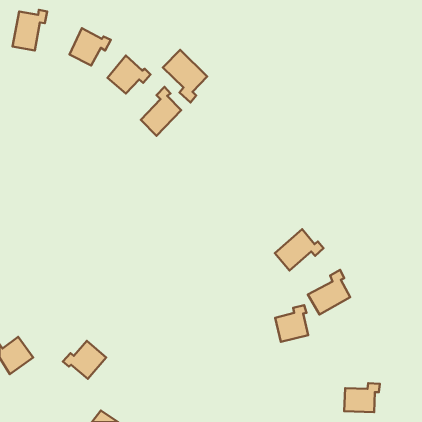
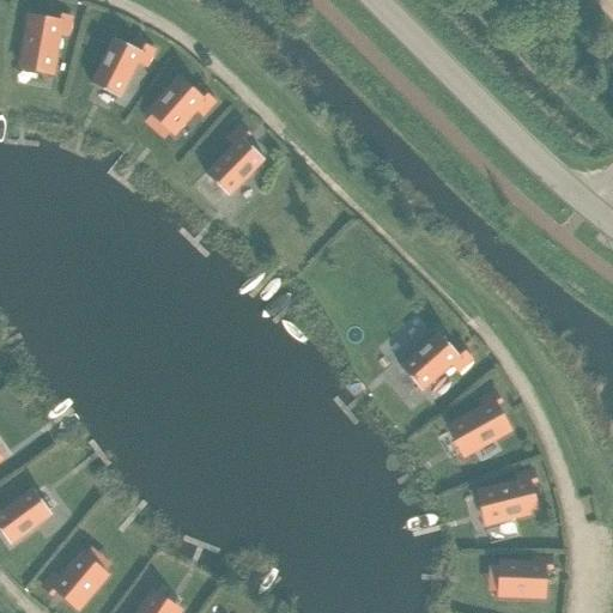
building: [163,50,207,102] -> none
building: [275,305,308,342] -> [486,467,534,520]
building: [63,341,106,379] -> [47,550,109,605]

